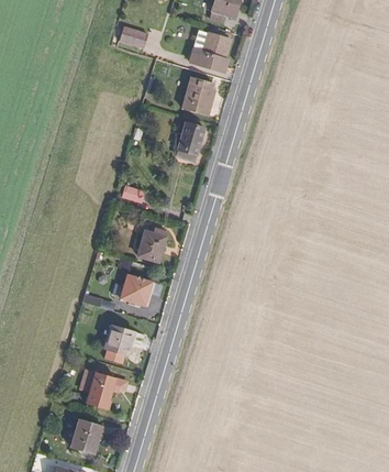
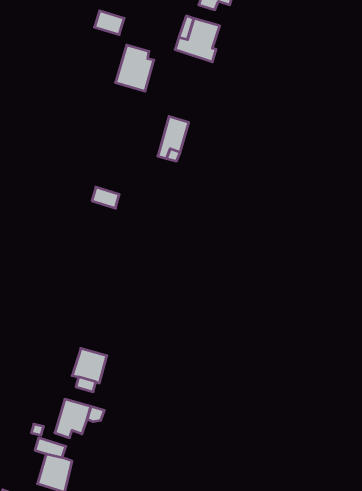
building: [184,75,218,116] -> [115,45,154,91]
building: [138,227,168,263] -> none
building: [118,275,153,308] -> none

